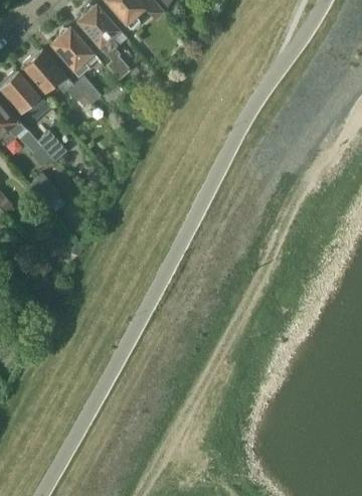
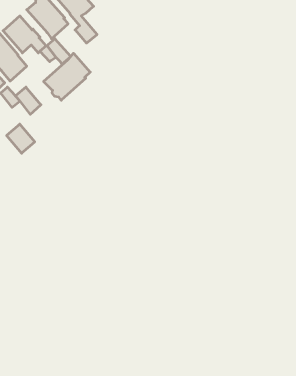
building: none -> [44,53,90,100]

